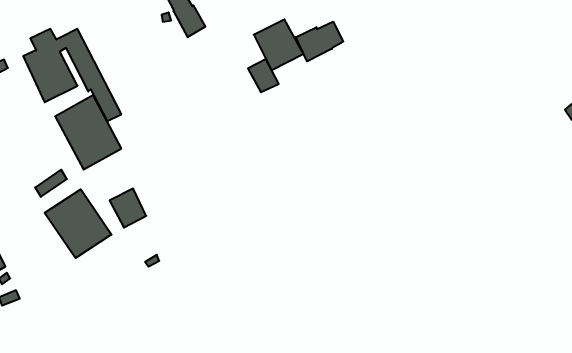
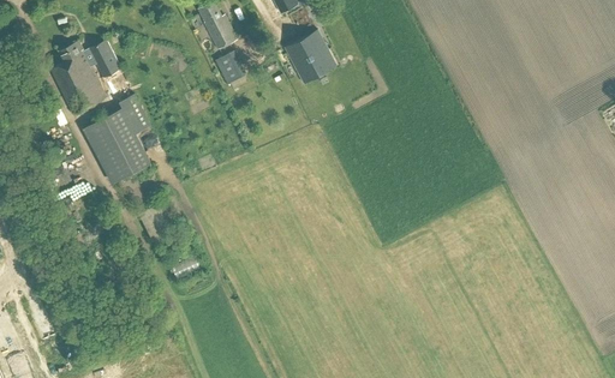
building: [296,22,343,61] -> none
building: [248,59,279,92] -> [215,49,246,83]
building: [45,189,112,258] -> none

